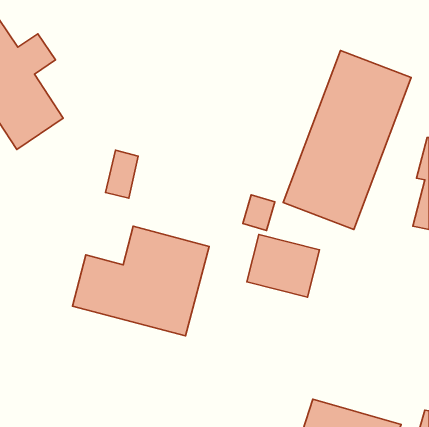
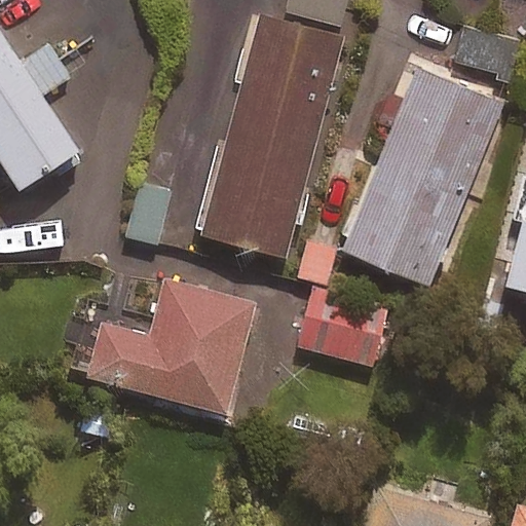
building: none -> [192,15,343,257]

